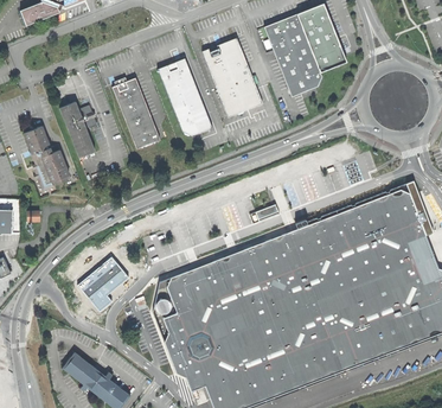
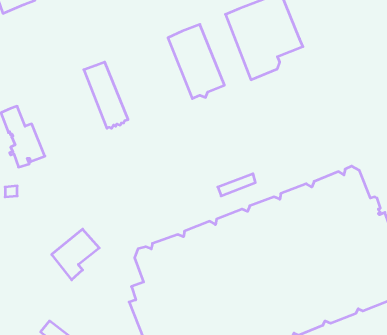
building: [158,57,212,135] -> none
building: [59,100,97,157] -> none

